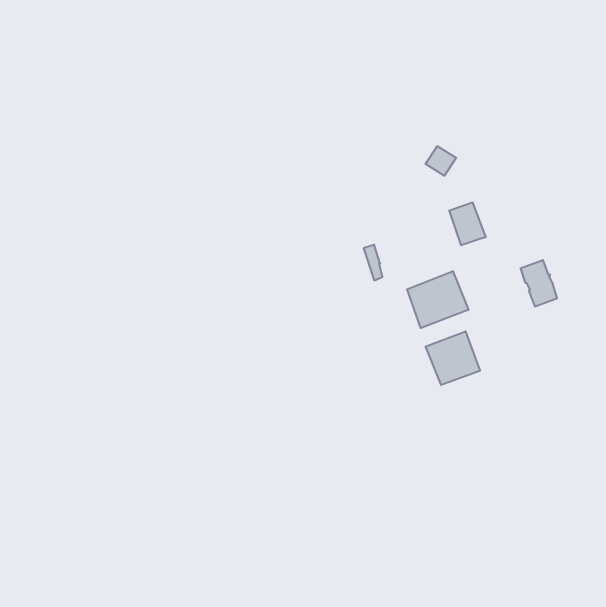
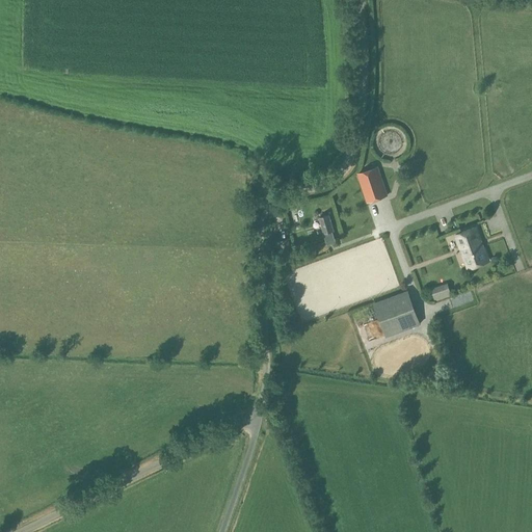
building: [449,203,486,245] -> [355,166,388,204]
building: [407,271,469,328] -> none

